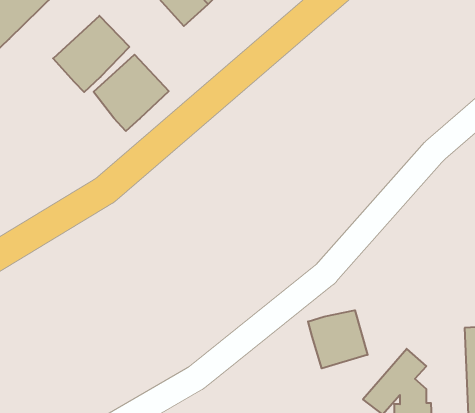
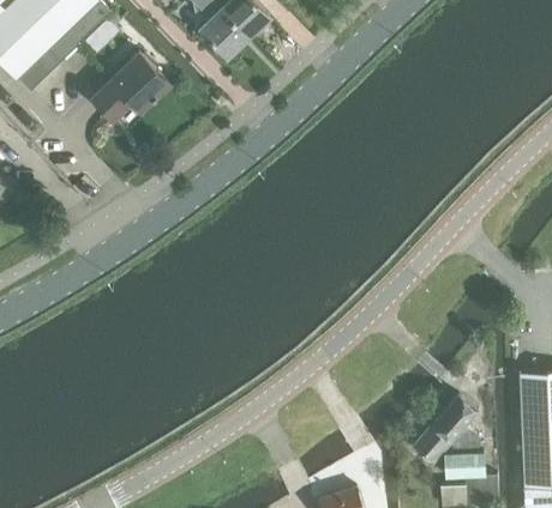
building: [94,55,169,131] -> none
building: [308,310,368,368] -> none

